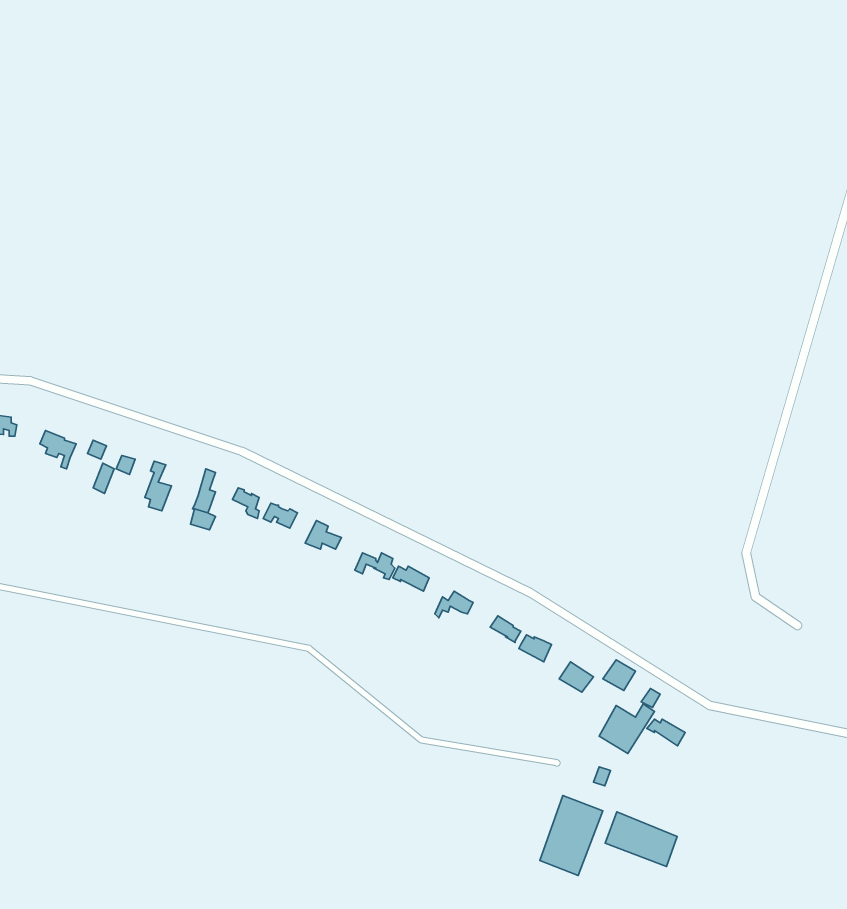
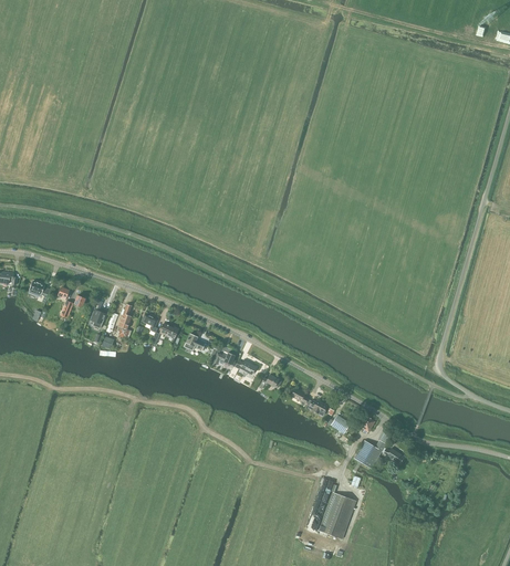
building: [605,812,677,866] -> none

